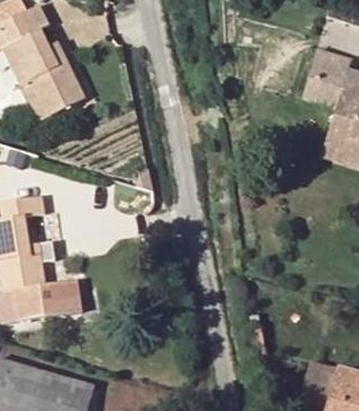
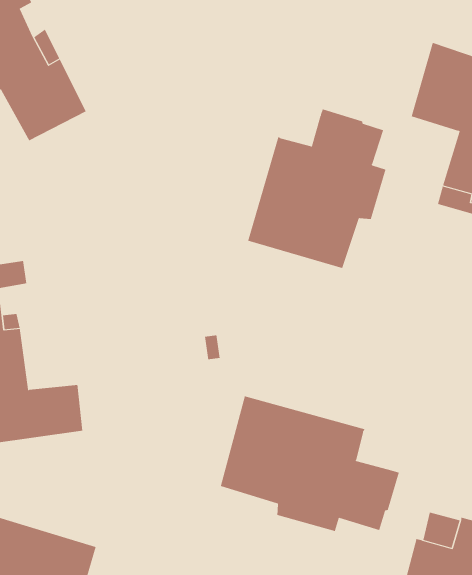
building: none -> [247,109,386,269]
building: none -> [220,396,399,532]

